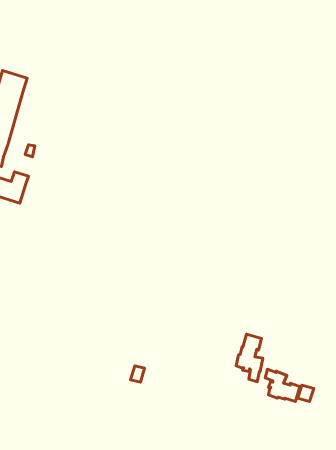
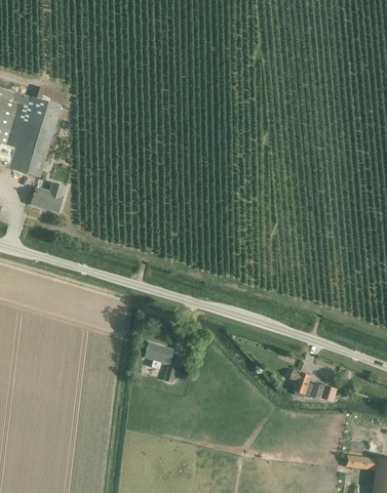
building: [236,334,263,382] -> none
building: none -> [143,342,172,365]

